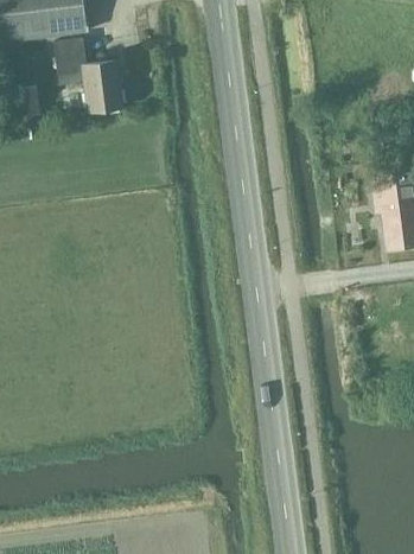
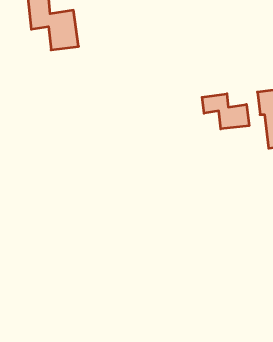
building: none -> [202,94,249,129]

